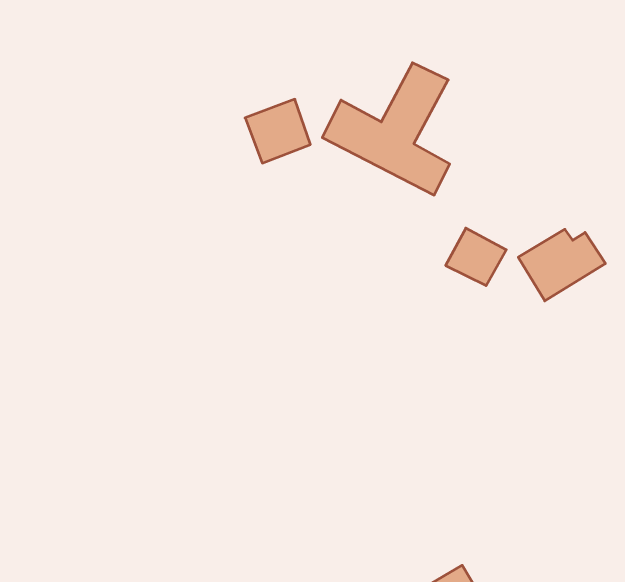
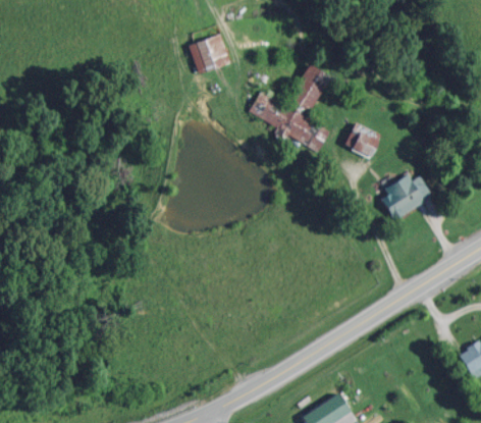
building: [245,99,310,163] -> [188,34,230,75]
building: [446,228,506,286] -> [342,122,382,160]

